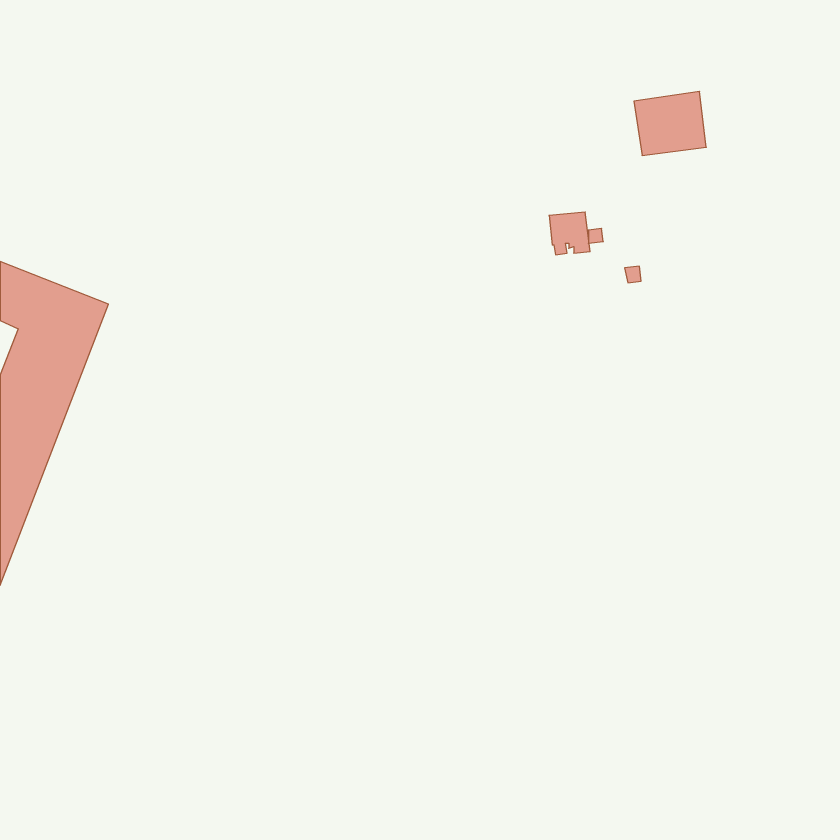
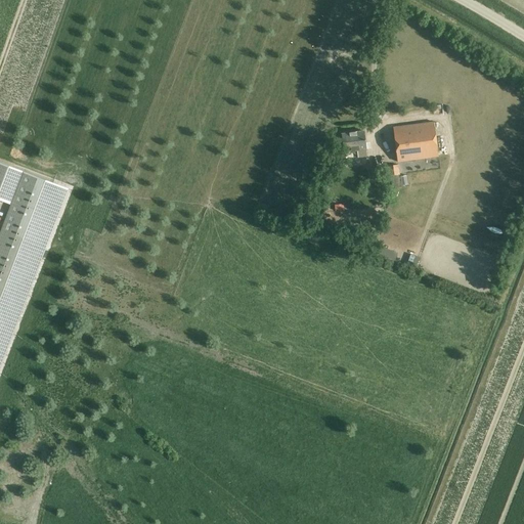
building: [634,91,706,155] -> [393,122,438,162]

